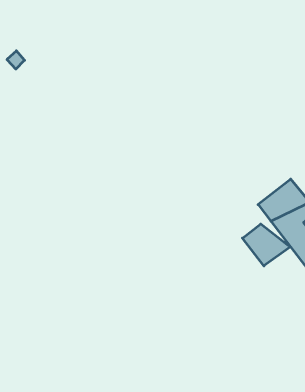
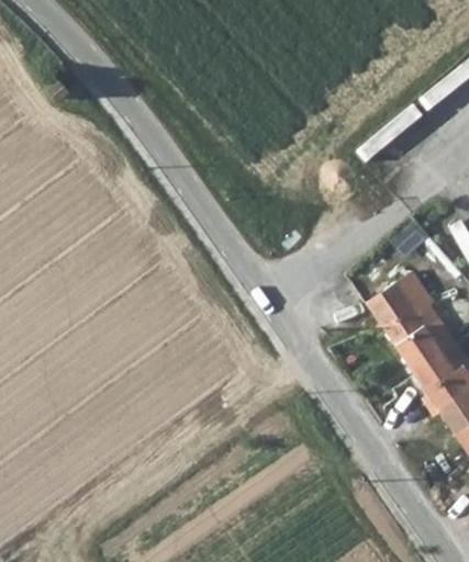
building: [242,224,290,266] -> none

